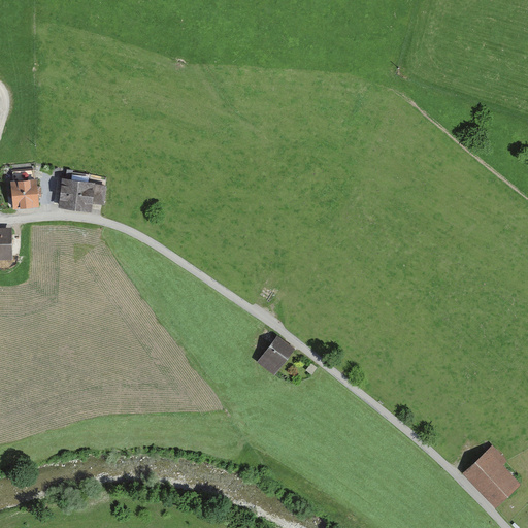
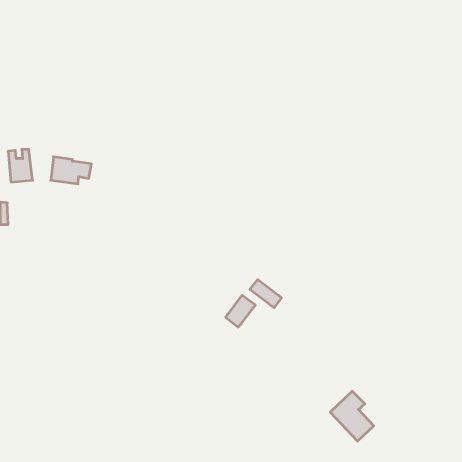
building: none -> [250,280,281,308]
building: [466,448,516,504] -> [330,391,374,441]

